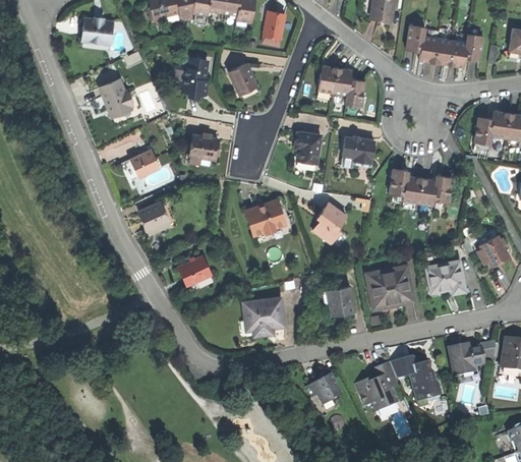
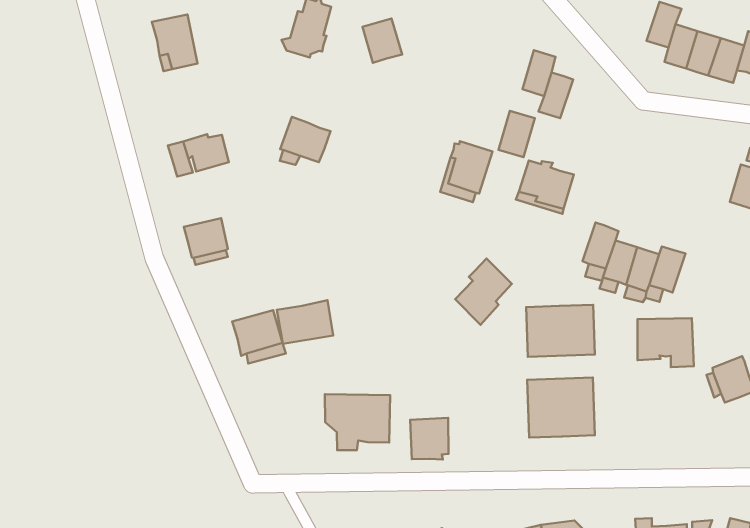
building: [317,65,337,93] -> [498,111,535,157]
building: [246,200,284,232] -> [277,300,333,344]
building: none -> [526,305,595,357]
building: [426,261,466,293] -> [637,318,694,367]
building: [327,285,354,314] -> [410,418,449,459]

